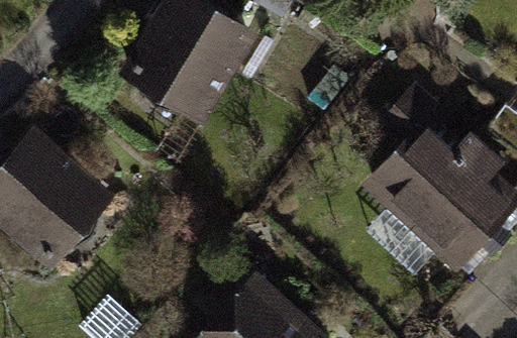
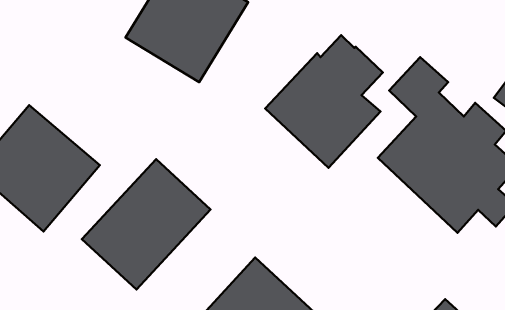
building: none -> [265,35,383,168]
building: none -> [82,159,211,289]

